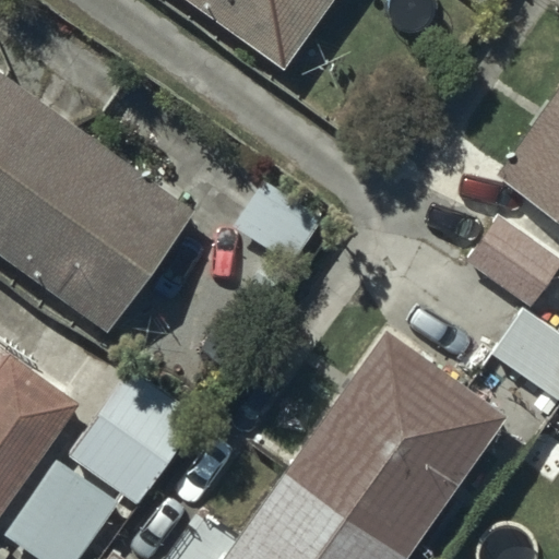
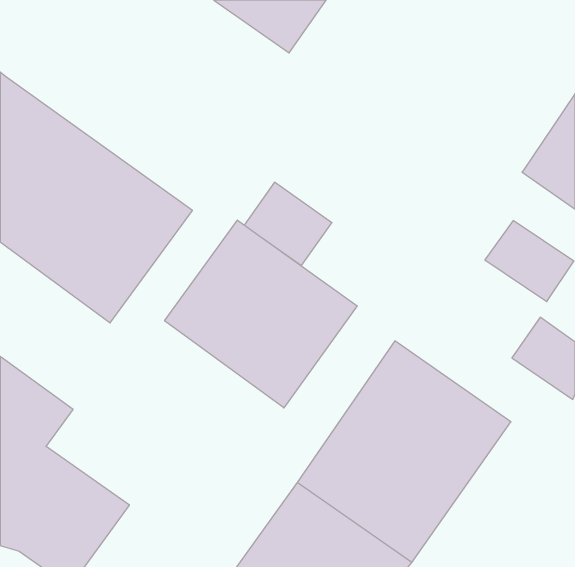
building: none -> [165,220,357,408]
building: [74,374,190,493] -> none

